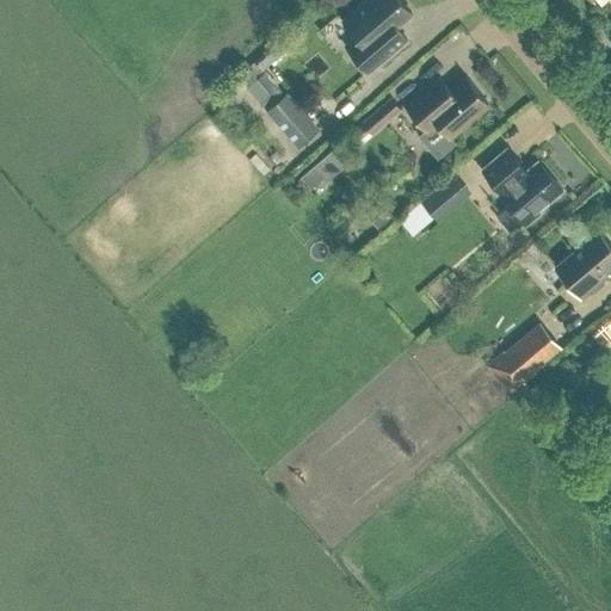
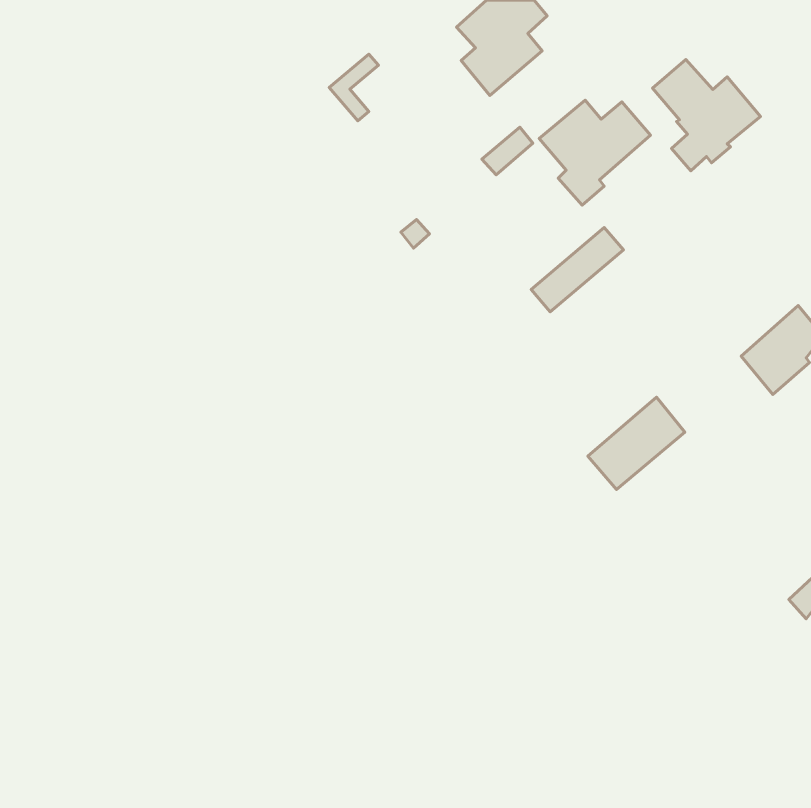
building: [267,94,320,148] -> none
building: [482,149,563,233] -> [653,59,761,171]
building: [489,323,562,393] -> [588,397,685,489]

